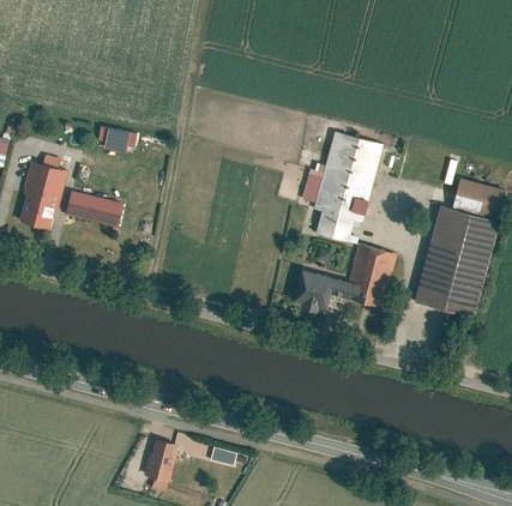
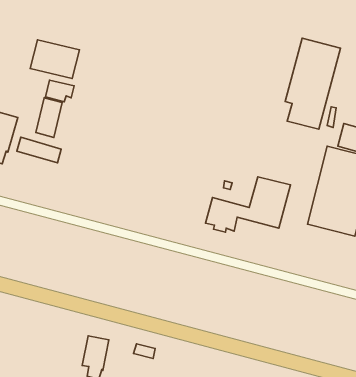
building: none -> [30,40,80,79]
building: [314,132,381,242] -> [285,38,341,129]
building: none -> [36,98,62,137]

